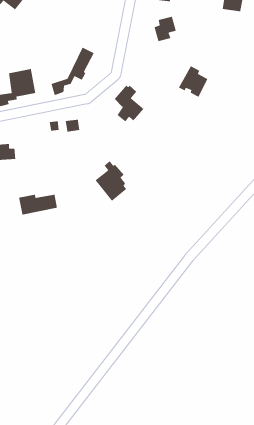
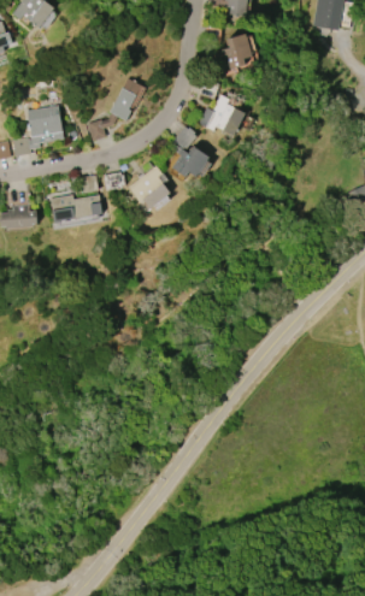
building: [178,65,209,98] -> [204,95,245,138]
building: [95,160,127,202] -> [128,161,171,217]
building: [18,194,58,215] -> [51,194,104,223]

